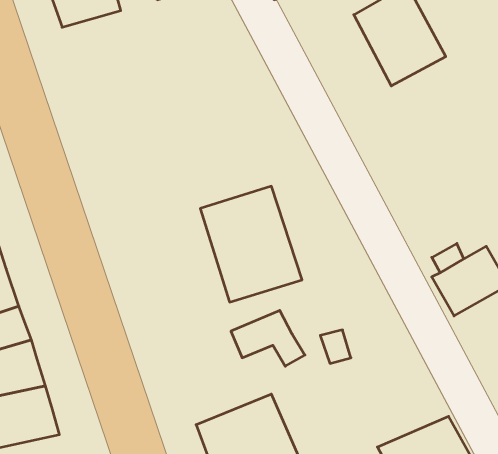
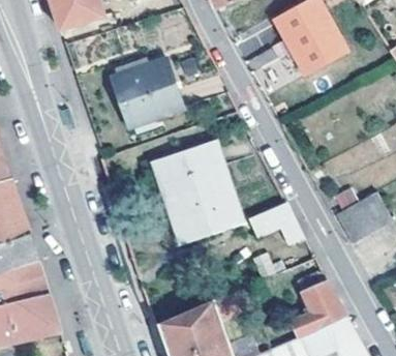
building: none -> [111,57,183,127]
building: [231,310,305,366] -> [249,203,304,244]
building: none -> [286,280,346,339]

